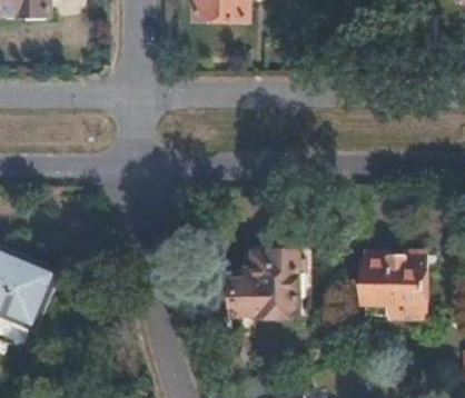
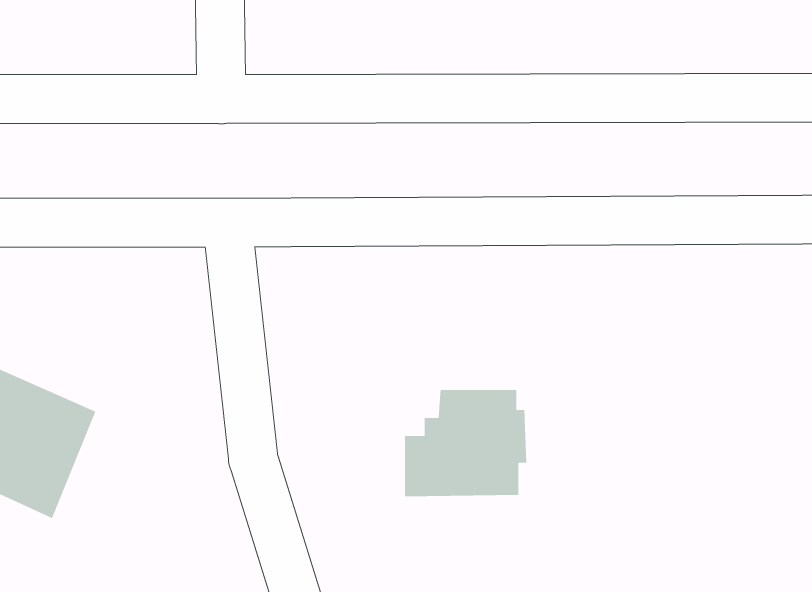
building: [366,250,427,314] -> none

